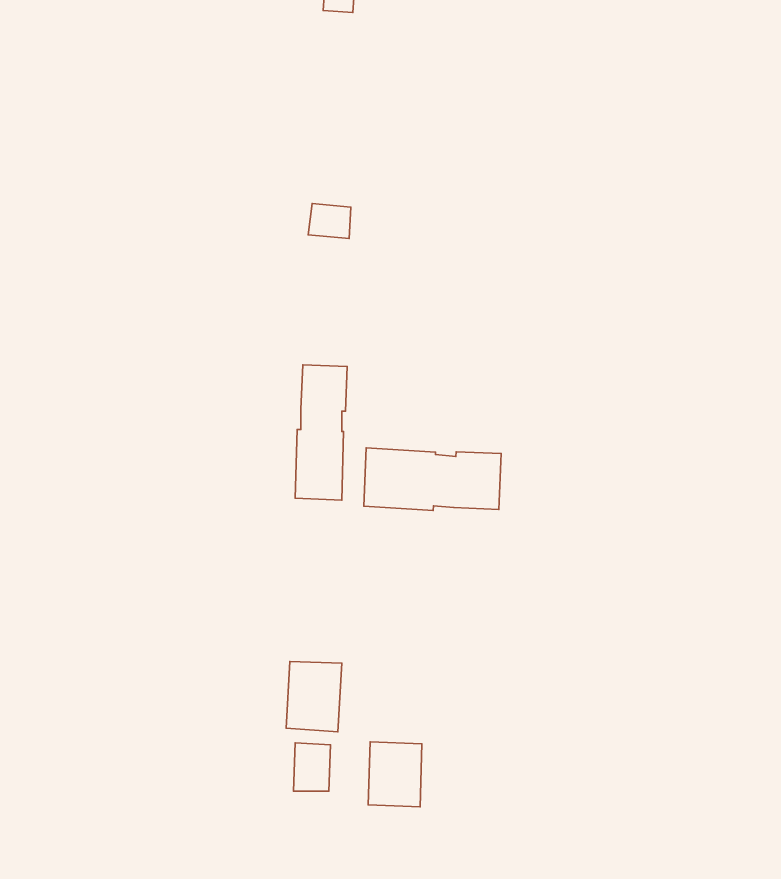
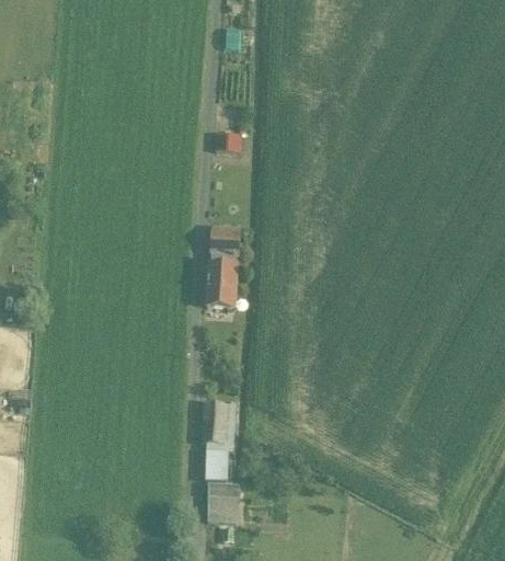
building: [364,448,501,510] -> none
building: [368,742,422,807] -> [208,481,240,519]

